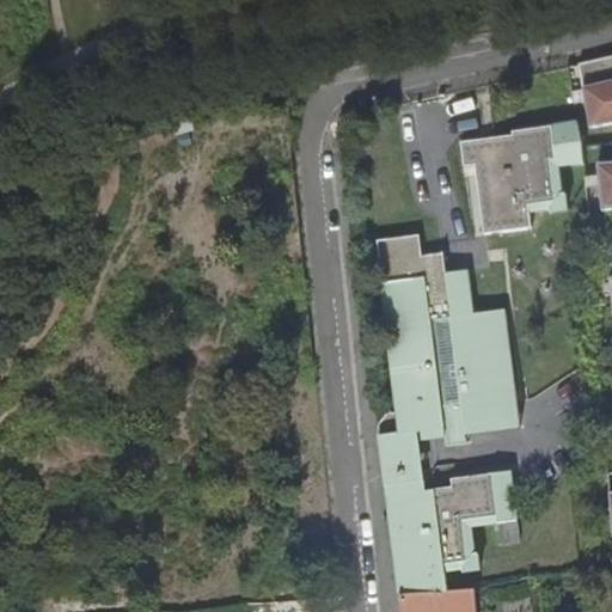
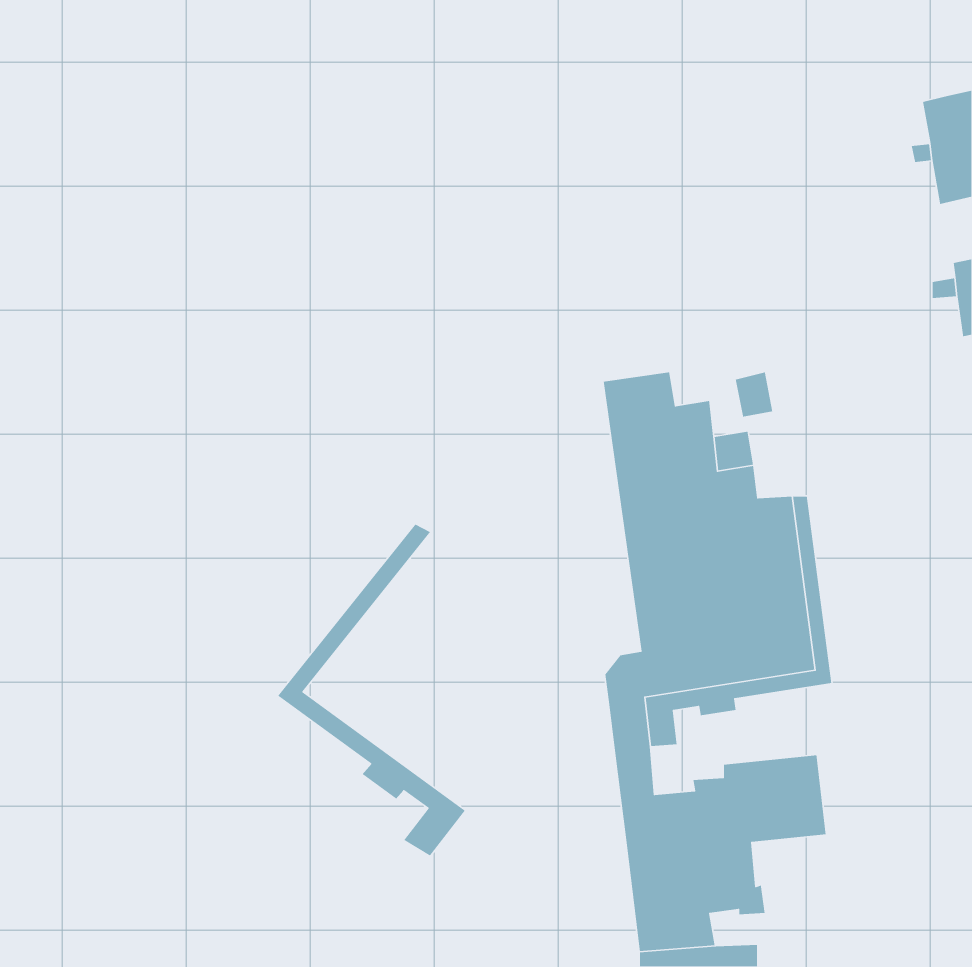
building: [458,121,581,233] -> none
building: none -> [277,524,466,857]

